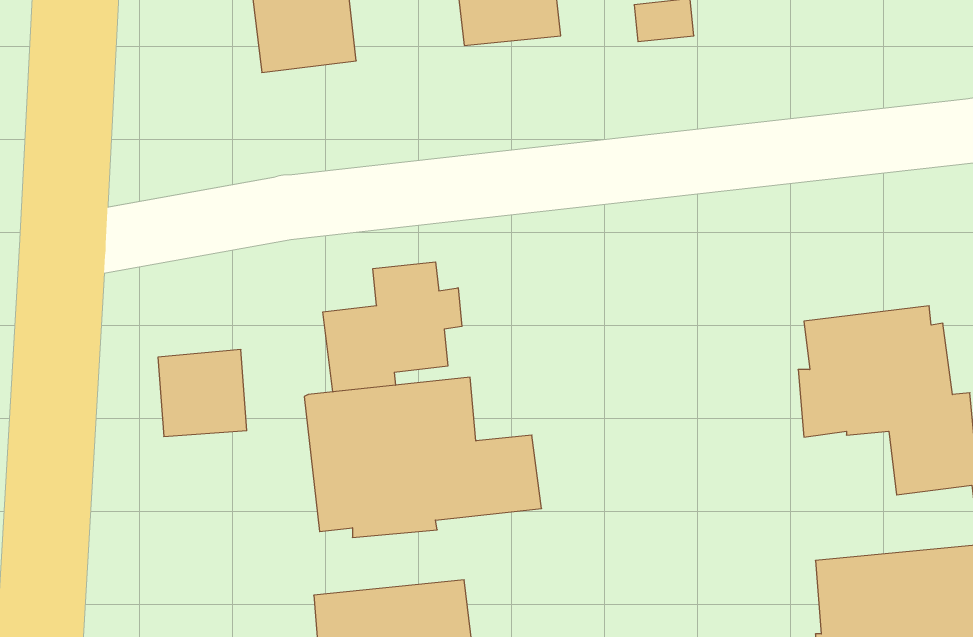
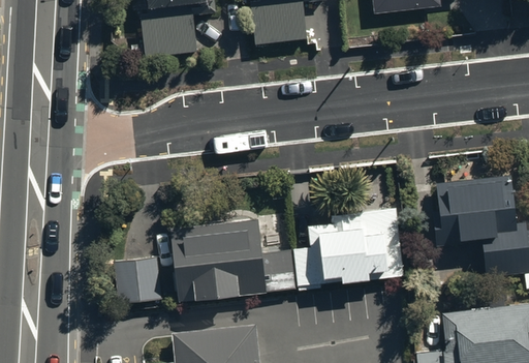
building: [323,262,462,392] -> none
building: [158,350,247,436] -> [114,253,161,300]
building: none -> [293,209,404,293]

